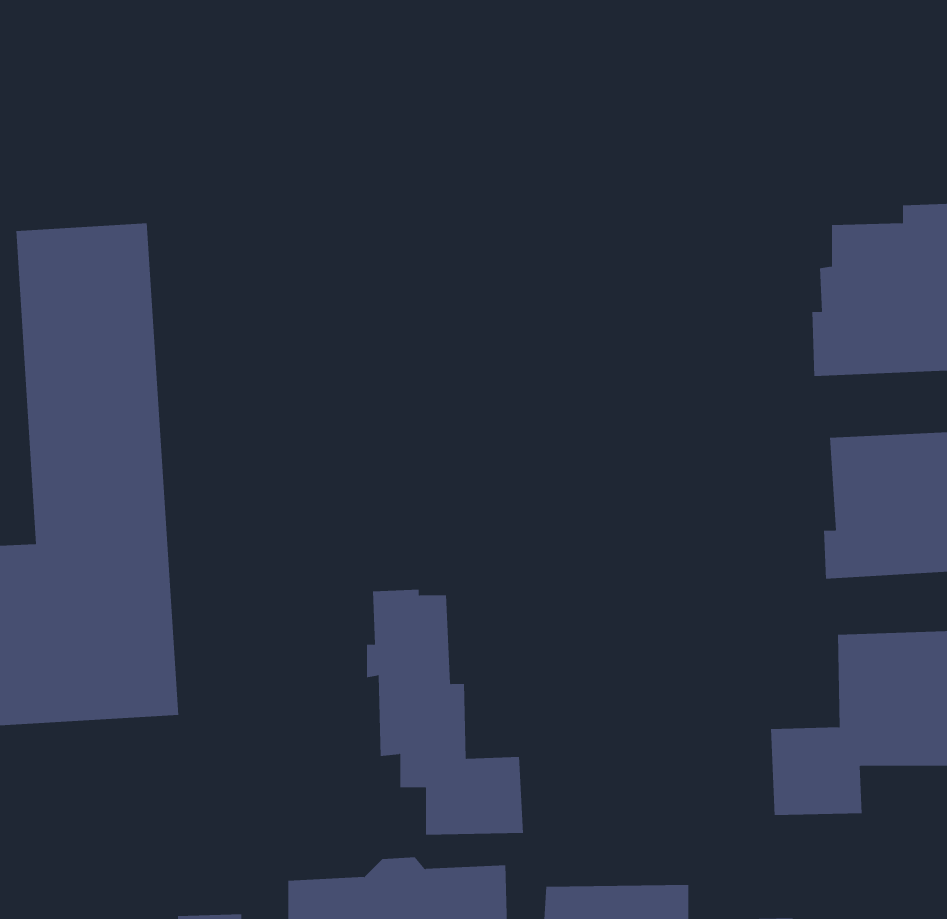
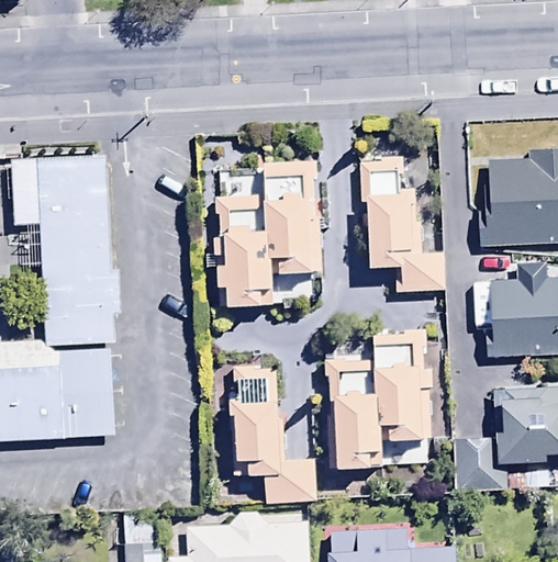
building: none -> [358,158,445,293]
building: none -> [207,160,320,304]
building: none -> [323,330,432,467]

